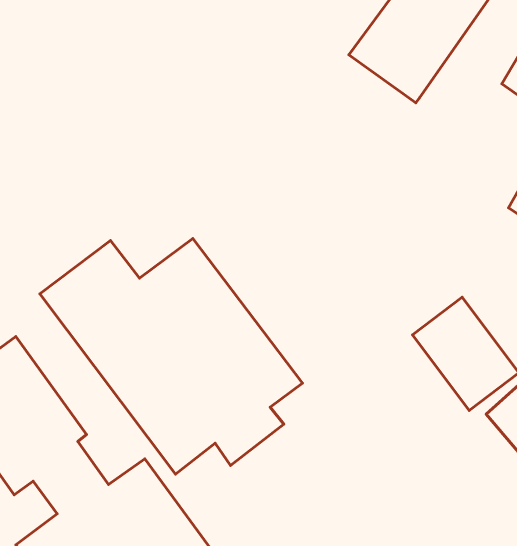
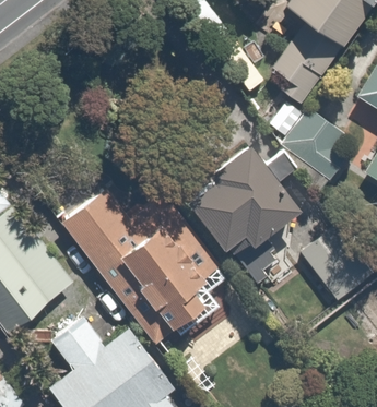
building: none -> [267,101,357,178]
building: none -> [188,147,303,289]

